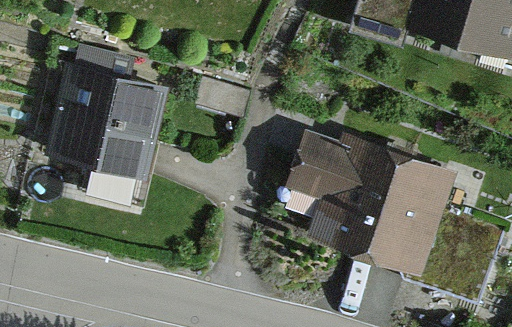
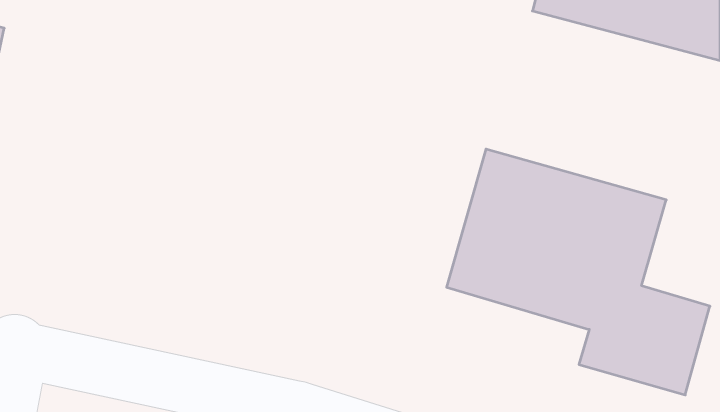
building: [54,70,185,177] -> none

